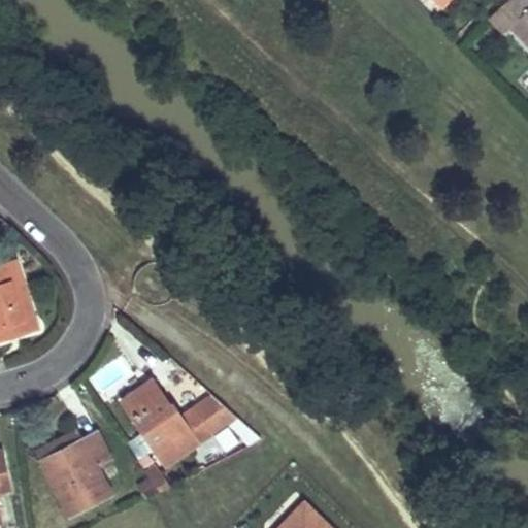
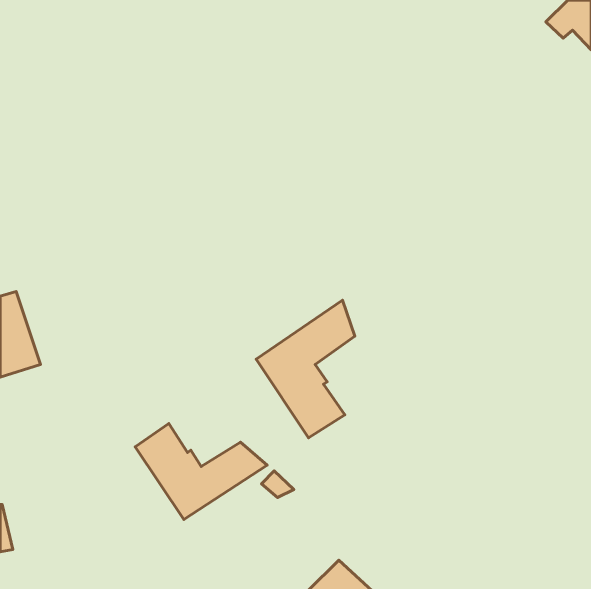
building: none -> [256,300,355,438]
building: [38,431,110,516] -> none

